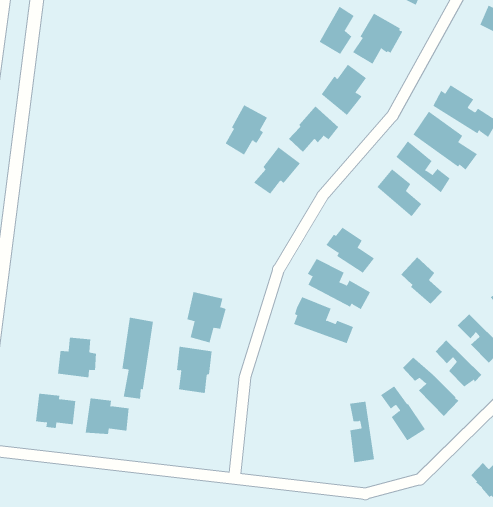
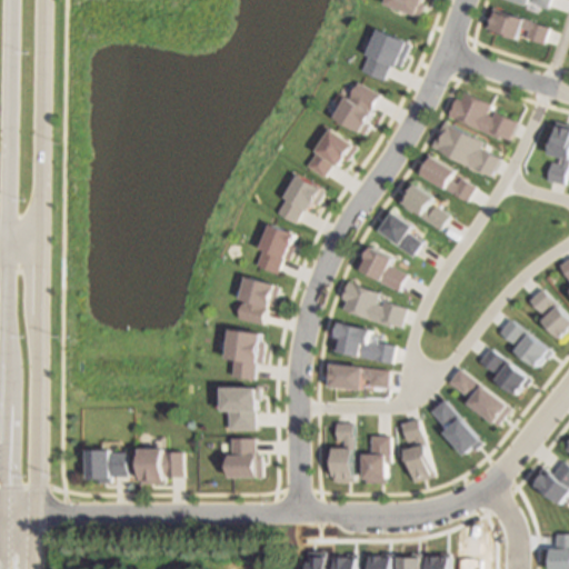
building: [319,6,354,55] -> none
building: [225,105,268,156] -> [254,223,295,274]
building: none -> [237,276,277,325]
building: [401,257,443,305] -> [378,210,422,257]
building: [122,317,154,400] -> none
building: none -> [322,363,387,390]
building: [57,337,97,378] -> none
building: none -> [329,423,349,480]
building: none -> [224,438,258,477]
building: none -> [359,436,386,482]

